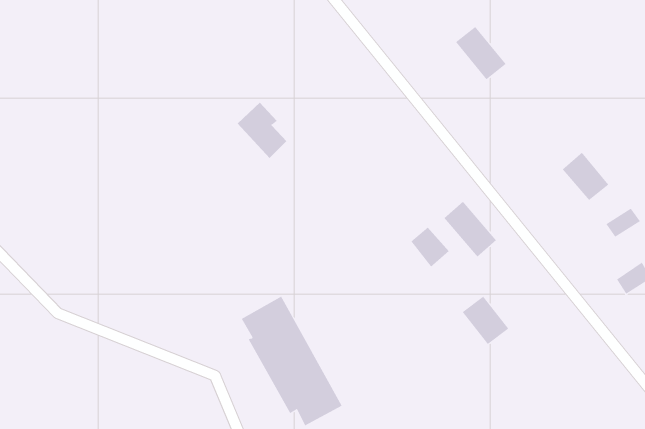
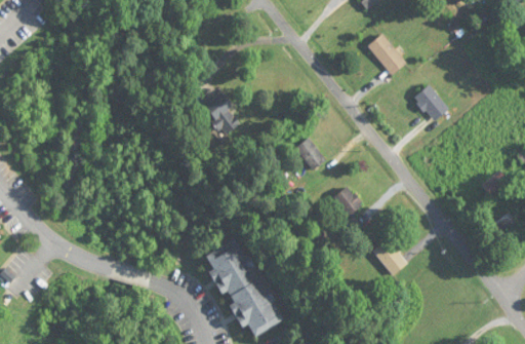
building: [562,152,609,201] -> [413,84,449,121]
building: none -> [295,139,325,169]
building: [444,201,497,258] -> none

